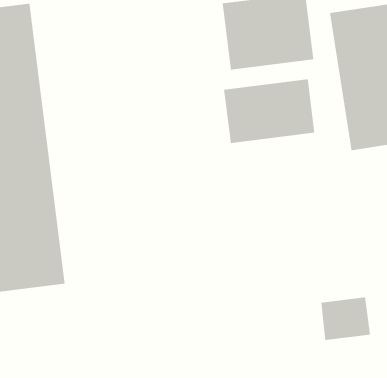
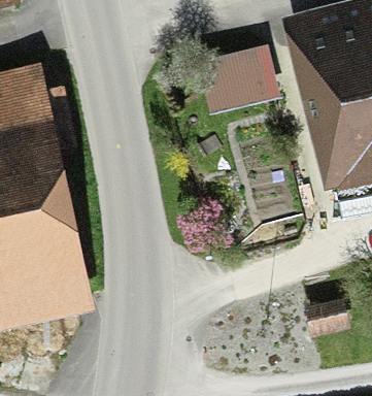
building: [223,78,315,144] -> none

